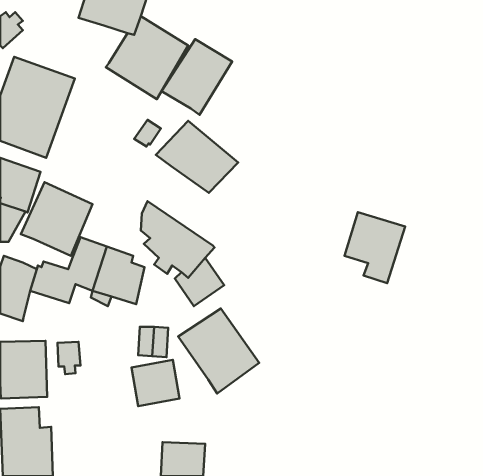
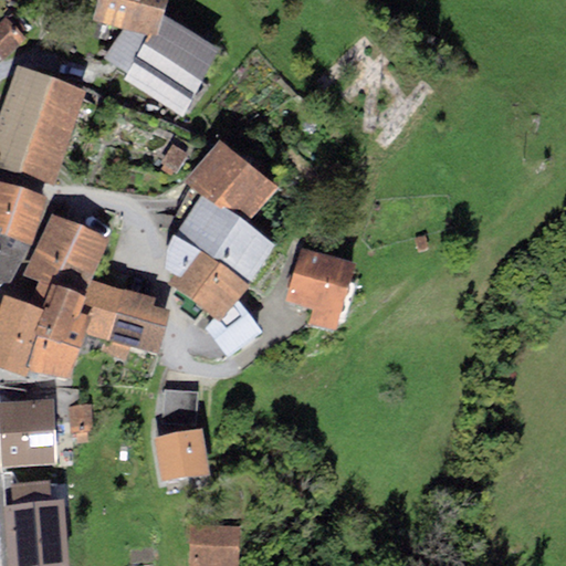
building: none -> [103,30,149,74]
building: [162,39,232,115] -> none
building: none -> [172,195,276,287]
building: [345,212,405,283] -> [285,249,356,332]
building: none -> [27,280,85,315]
building: none -> [28,340,81,381]
building: [178,308,259,393] -> none

